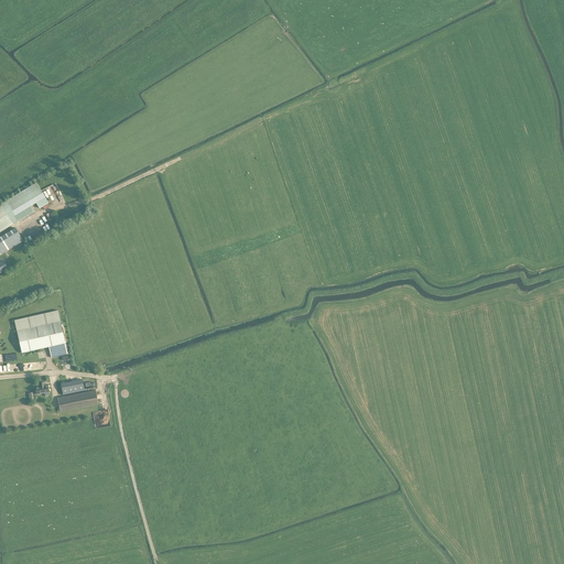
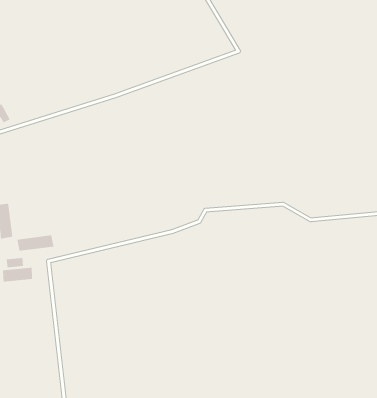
building: none -> [17,235,54,252]

